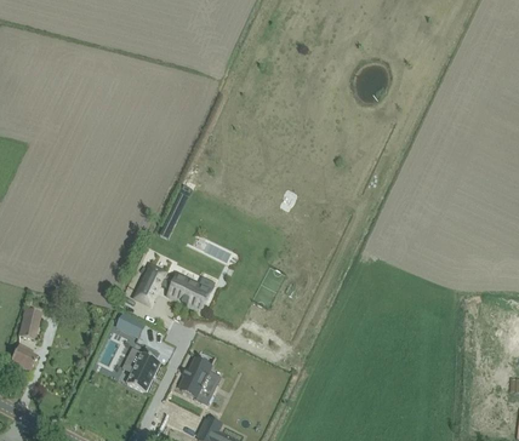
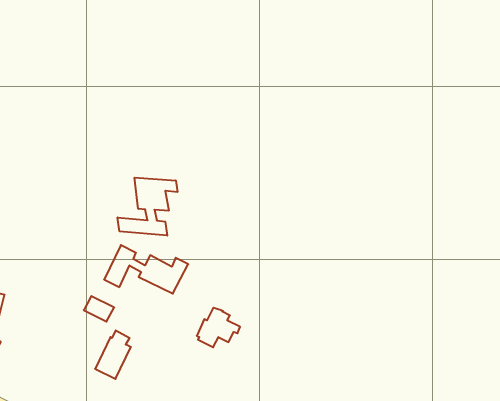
building: none -> [118,178,177,236]
building: [179,359,221,396] -> [197,308,240,347]

